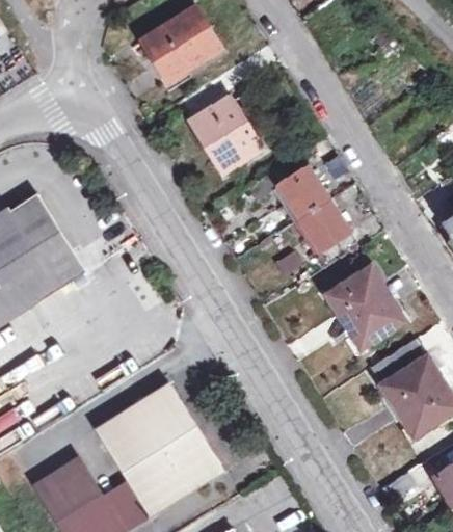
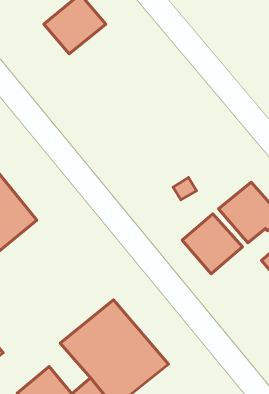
building: [190,97,254,171] -> none
building: [242,153,351,265] -> none
building: none -> [182,214,242,274]

